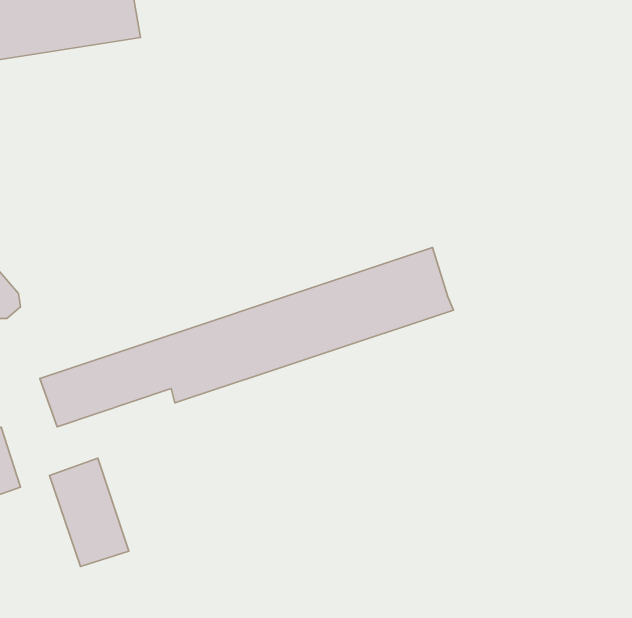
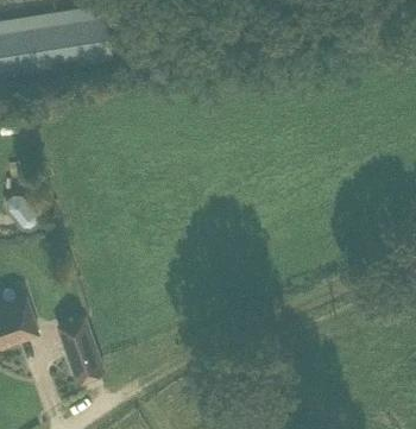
building: [40,247,454,427] -> none

